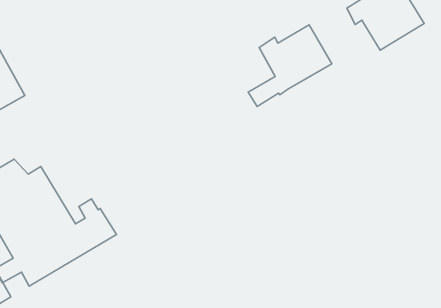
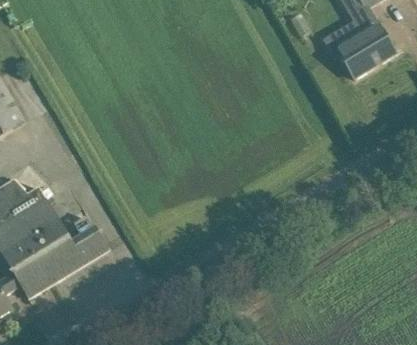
building: [248,25,332,107] -> none

